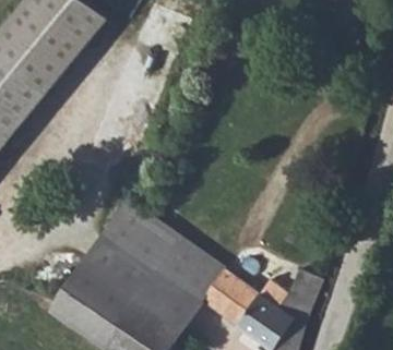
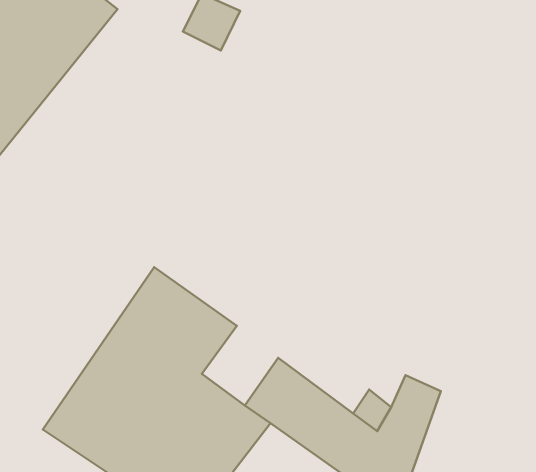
building: [159,237,212,291] -> none

